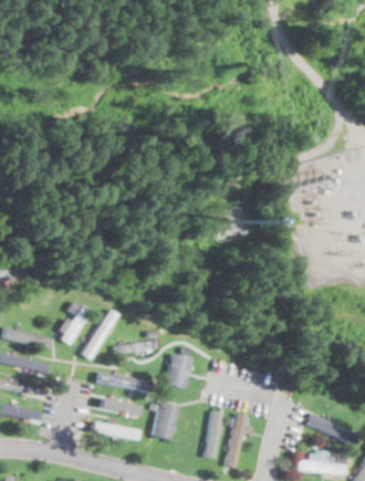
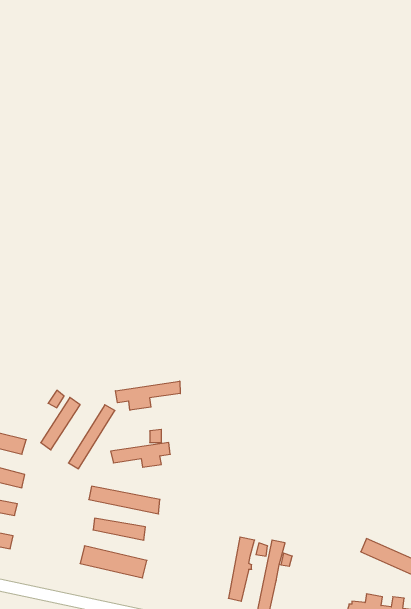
building: none -> [115,381,180,410]
building: [165,352,191,388] -> none
building: [150,400,178,439] -> none

